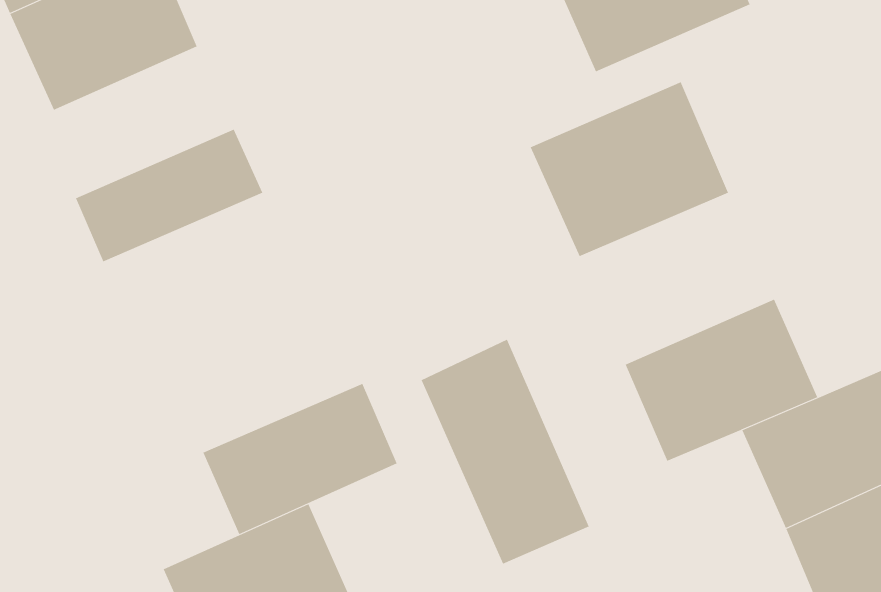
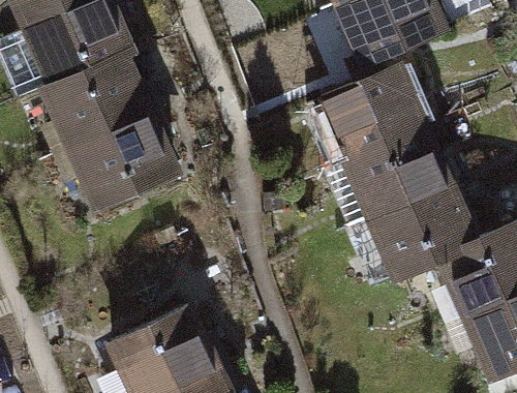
building: none -> [35,44,146,130]
building: none -> [341,127,452,224]
building: [421,339,590,565] -> none
building: [202,383,398,535] -> [71,127,182,213]

